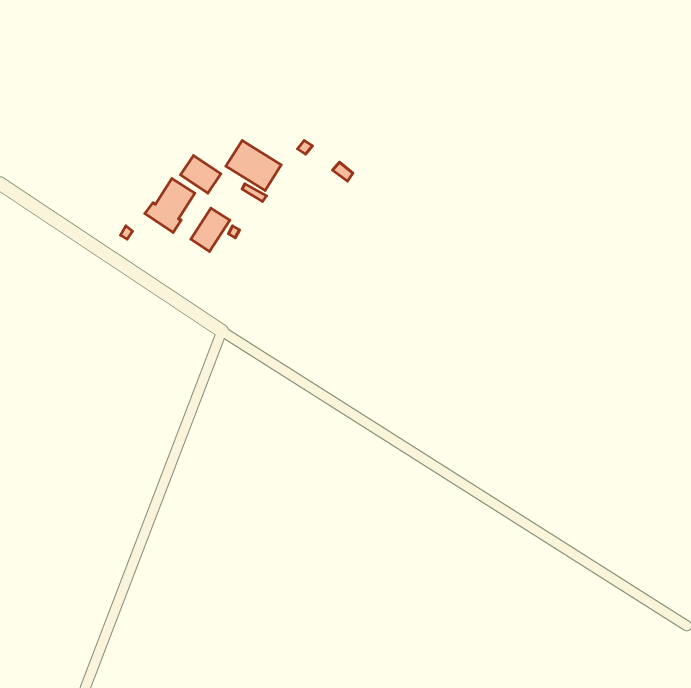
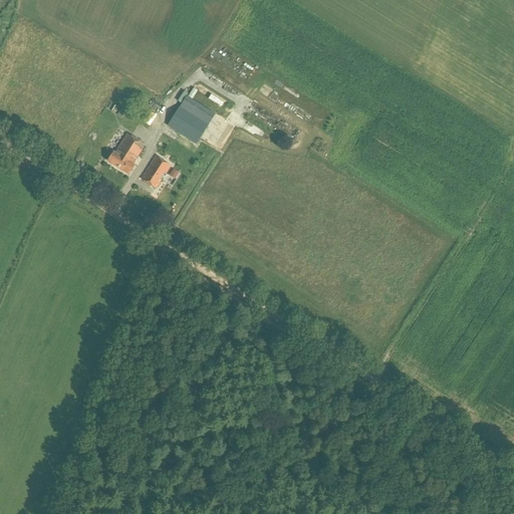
building: [180,155,221,193] -> none

